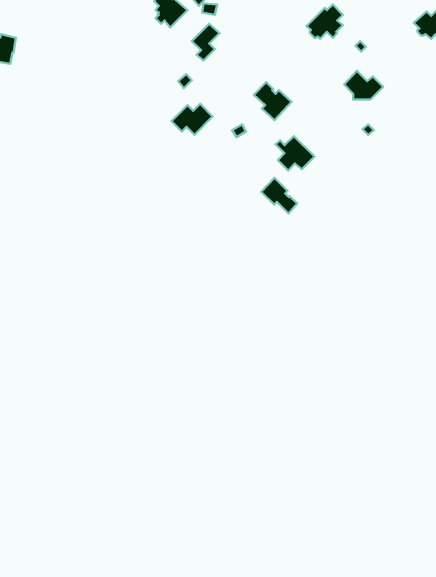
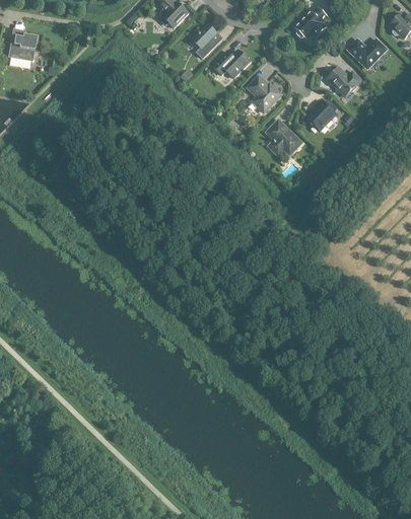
building: none -> [348,40,385,67]
building: [171,104,213,135] -> [212,50,249,77]
building: none -> [306,99,335,130]
building: [261,178,297,214] -> none

